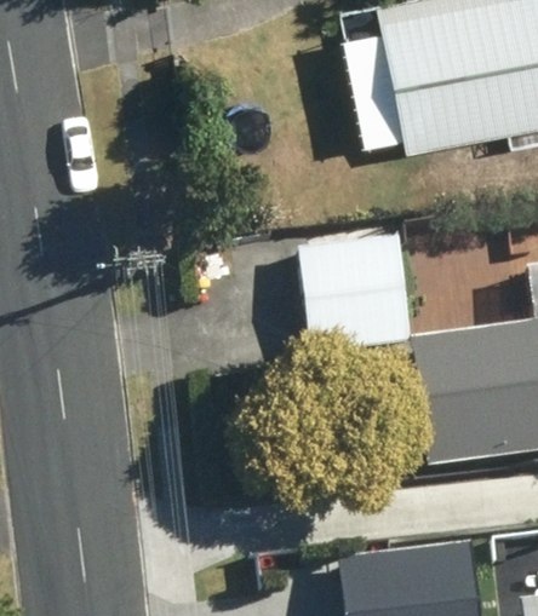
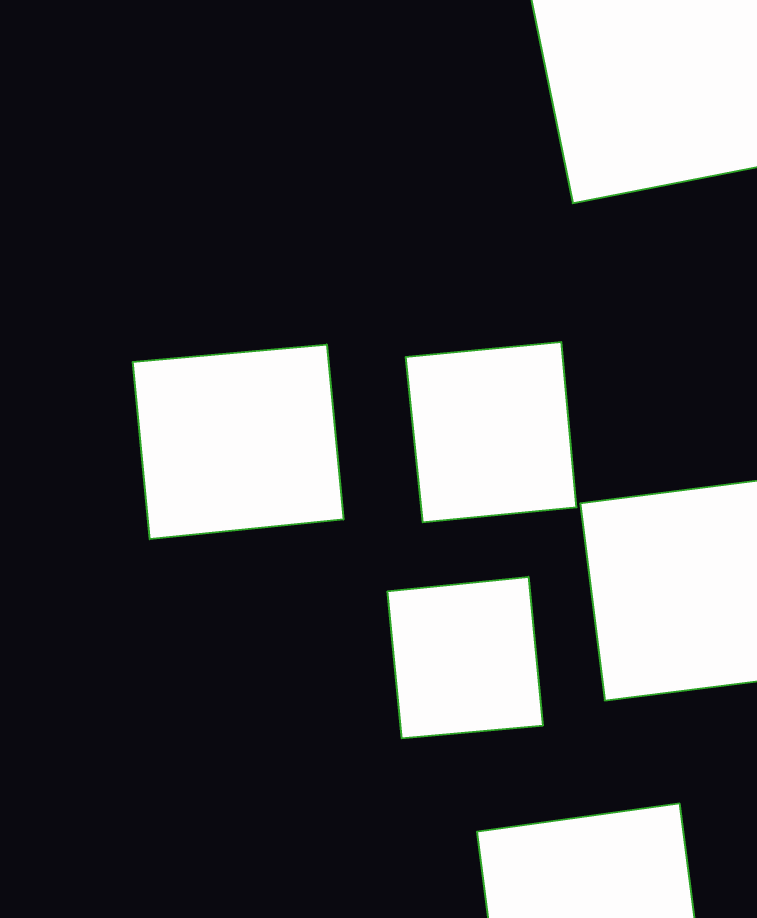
building: none -> [133,344,343,539]
building: none -> [388,577,543,738]

